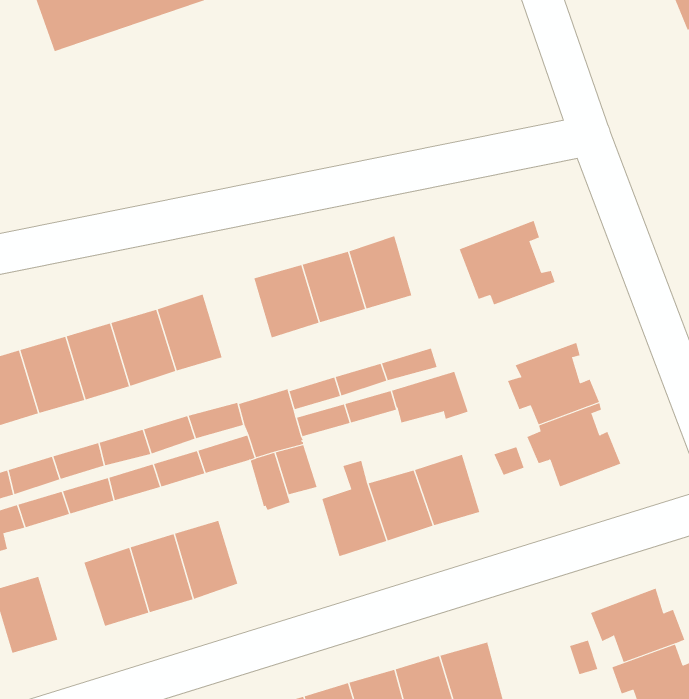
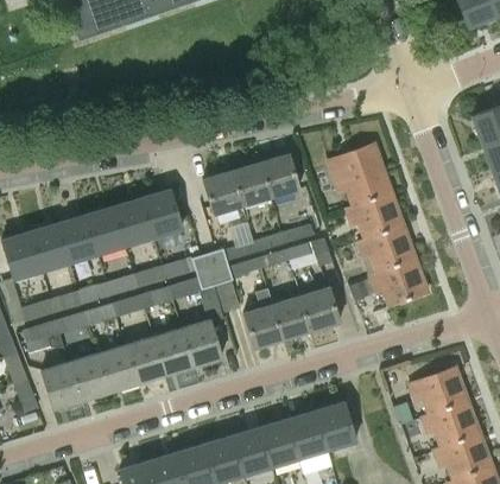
building: none -> [346,183,400,234]
building: none -> [181,320,222,368]
building: none -> [70,355,110,402]

